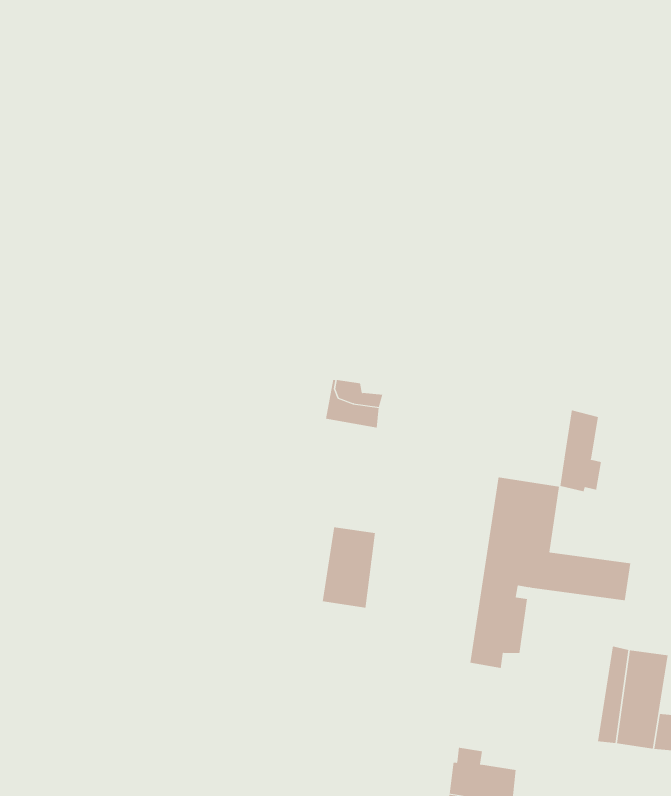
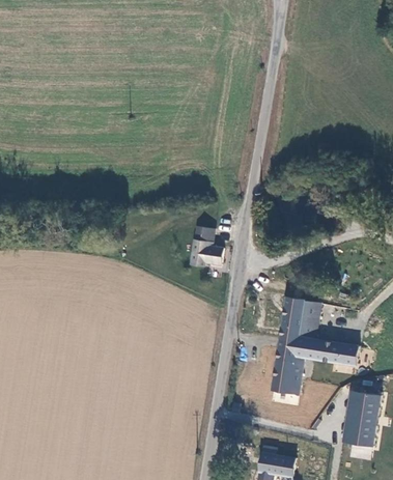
building: [560,409,601,492] -> none
building: [322,526,375,609] -> none

